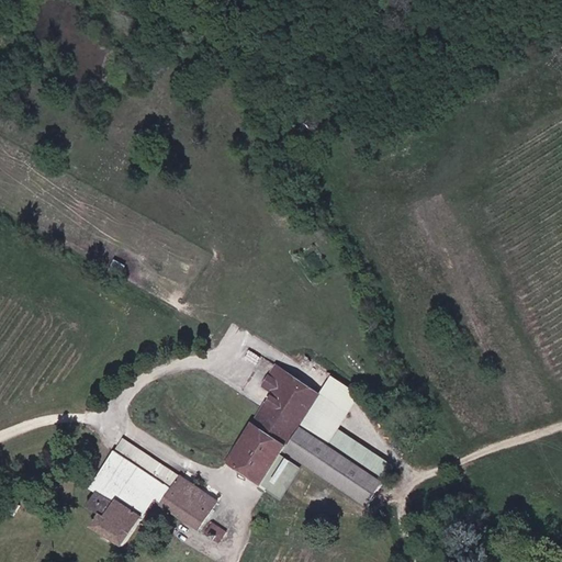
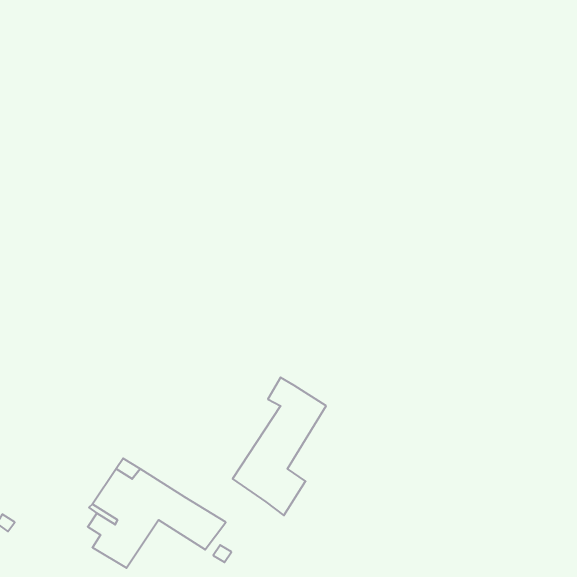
building: [281,376,389,502] -> none

